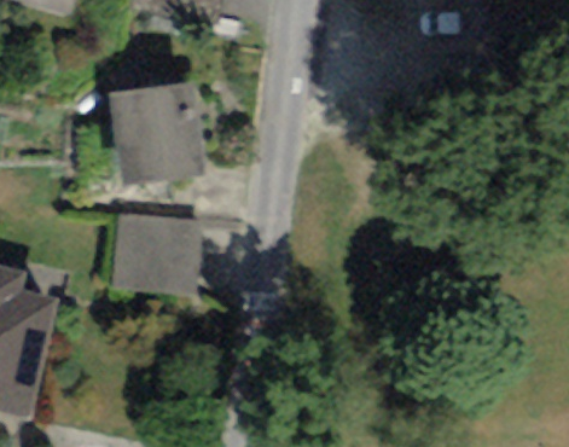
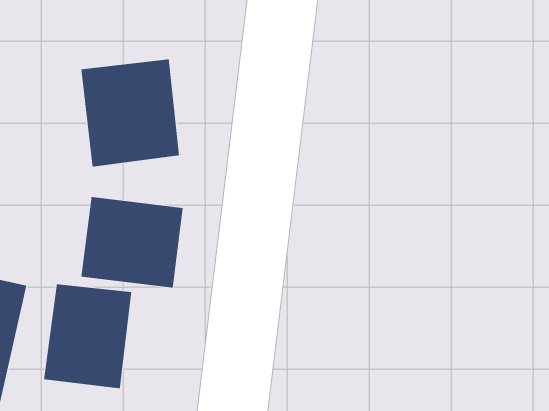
building: none -> [44,283,132,389]

